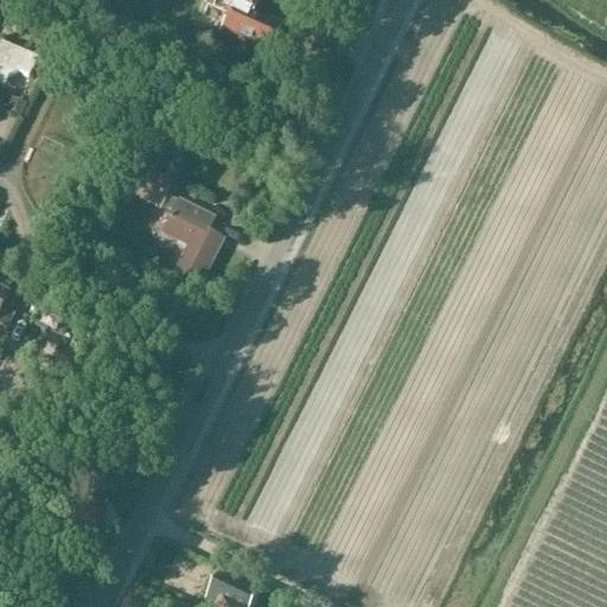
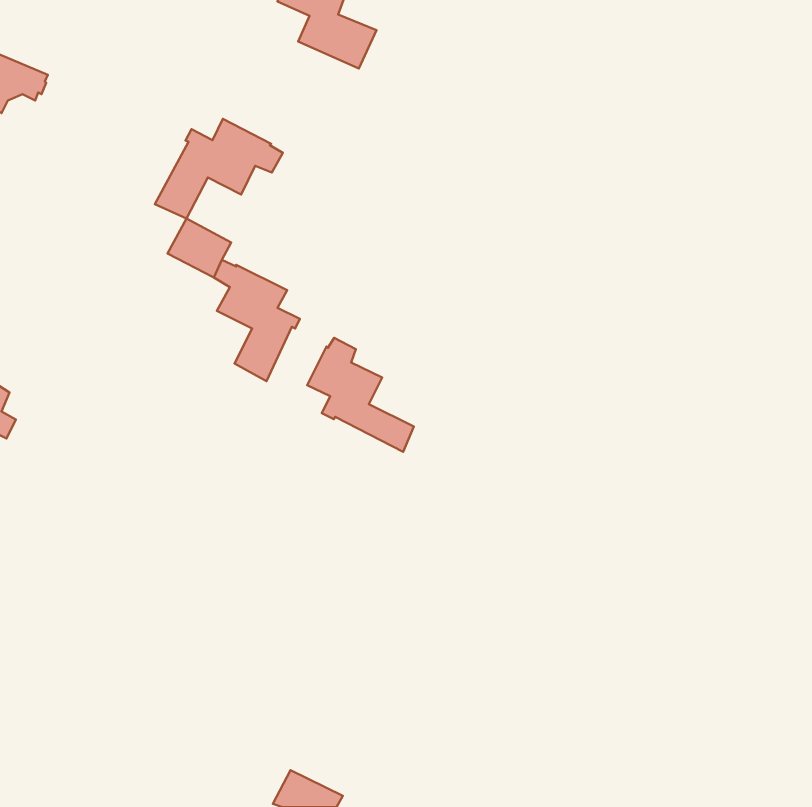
building: none -> [155,119,283,218]
building: none -> [307,338,414,452]

